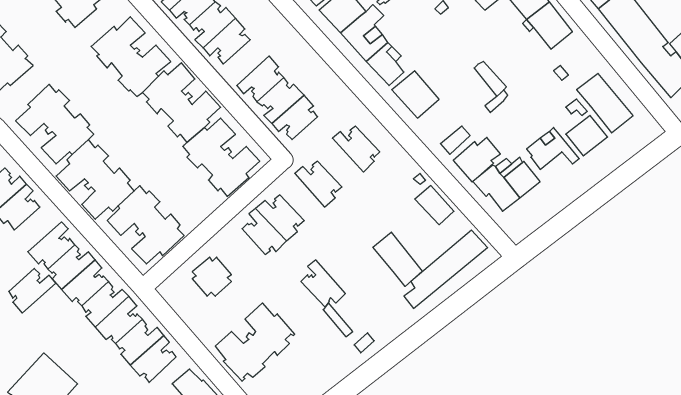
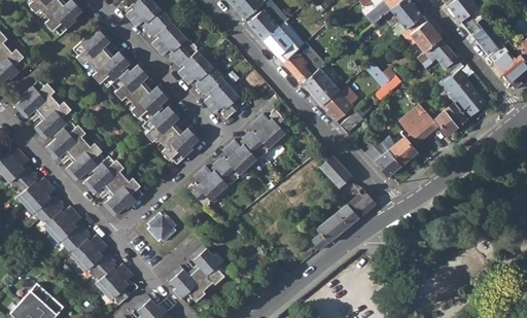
building: none -> [416,38,460,73]
building: none -> [173,44,208,79]
building: [453,137,500,182] -> [321,86,357,120]
building: none -> [245,119,280,156]
building: [373,232,422,286] -> none
building: [301,260,345,307] -> [216,146,250,182]
building: [9,268,56,313] -> [13,172,49,206]

